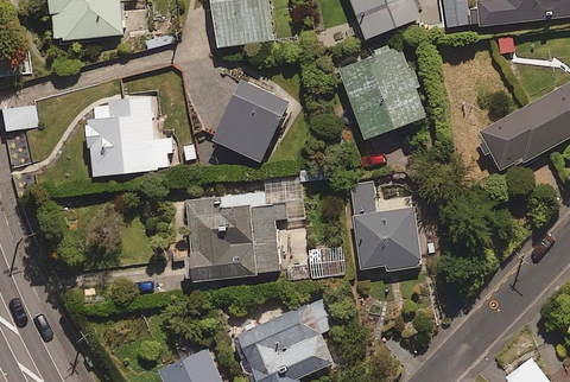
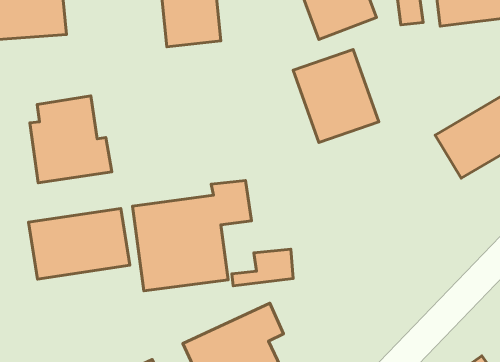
building: [213,81,290,164] -> none
building: [348,179,419,272] -> none
building: none -> [28,208,130,279]

